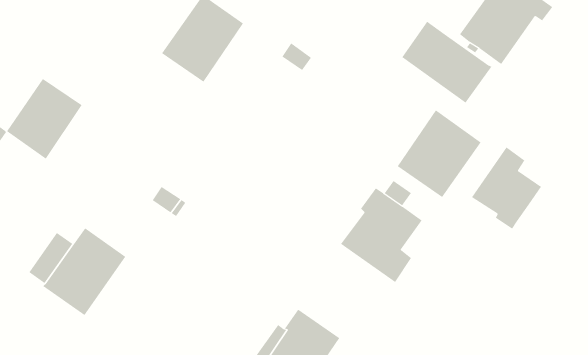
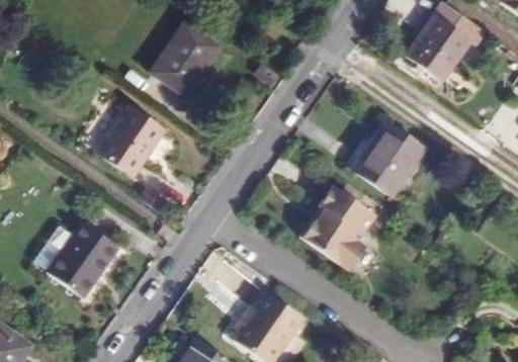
building: [402,21,492,103] -> none
building: [6,78,83,159] -> [98,106,164,176]
building: [471,146,542,230] -> none

